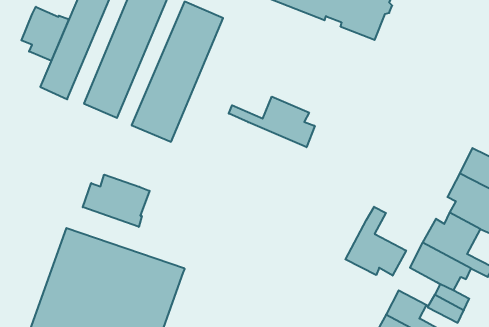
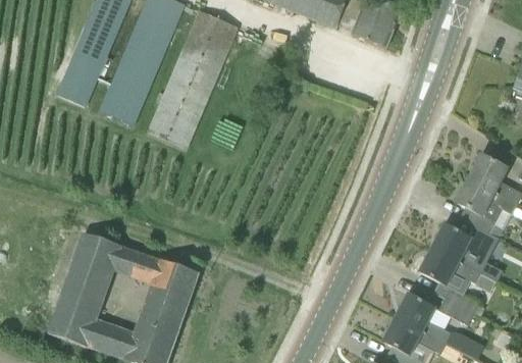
building: [21,7,69,61] -> none
building: [229,97,315,147] -> none
building: [83,175,150,227] -> none
building: [345,207,406,276] -> none

